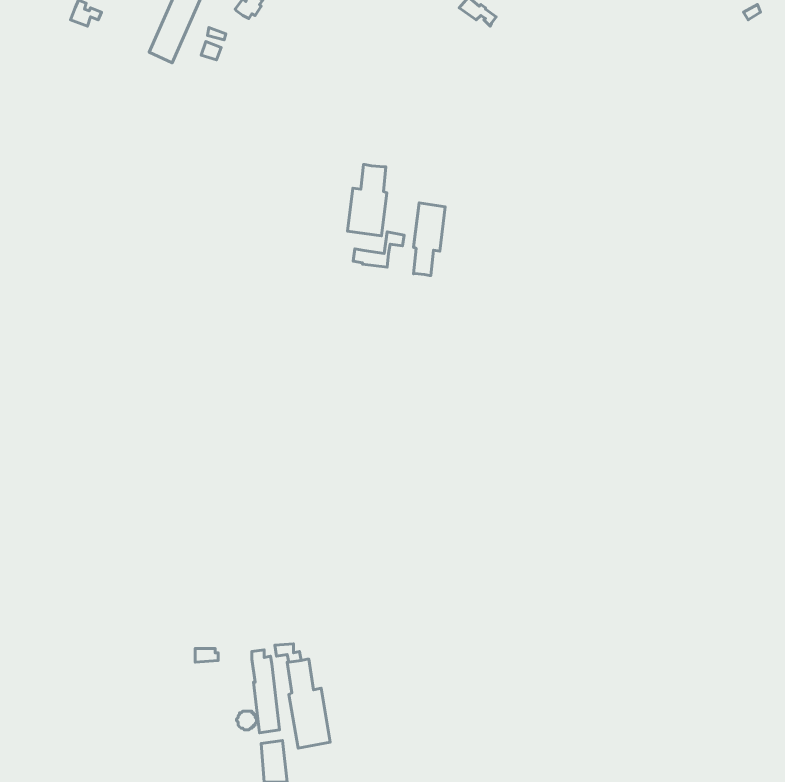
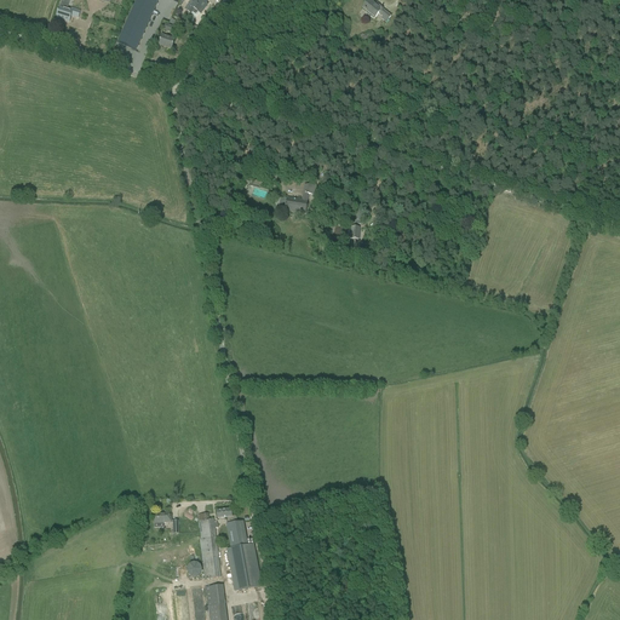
building: [348,165,387,236] -> none
building: [414,203,445,275] -> none

